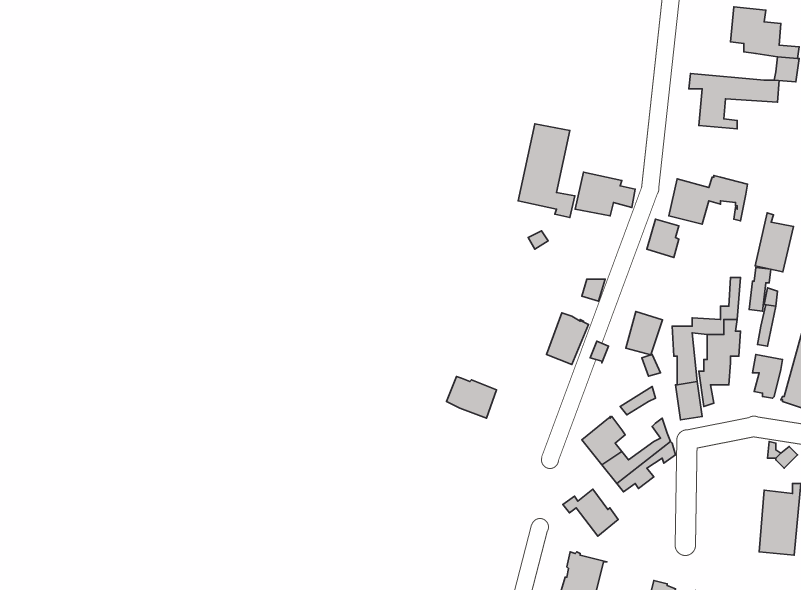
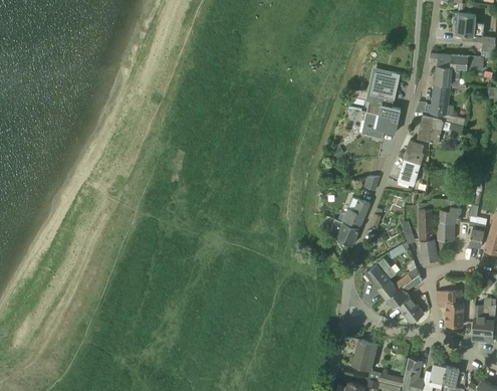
building: [518,124,575,218] -> [365,66,400,123]
building: none -> [432,84,458,116]
building: [755,213,794,272] -> none
building: [626,311,663,355] -> [398,159,420,185]
building: [446,376,497,418] -> [328,220,358,245]
building: none -> [437,291,463,326]
building: [563,489,618,536] -> [390,296,423,324]

